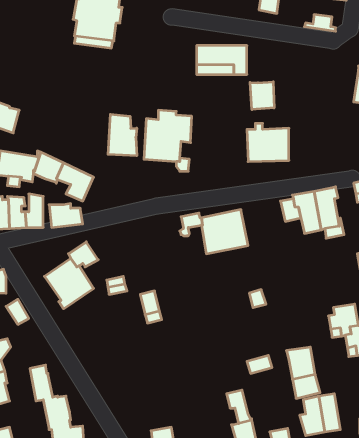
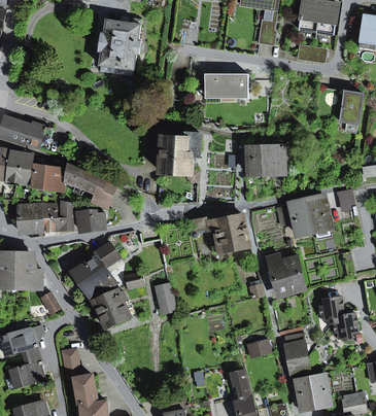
building: [250,82,274,110] -> none
building: [108,114,137,156] -> none
building: none -> [269,254,305,293]
building: none -> [94,288,129,326]

